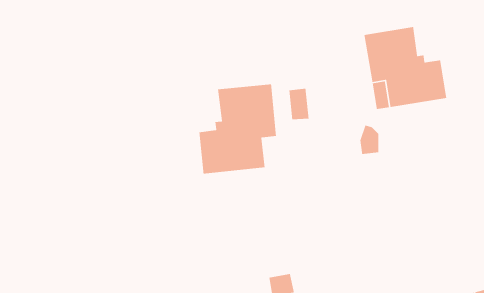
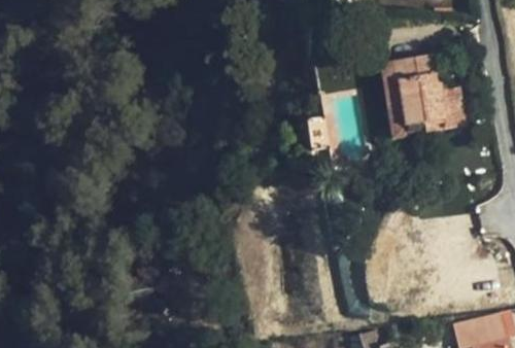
building: [199,83,277,174] -> none

